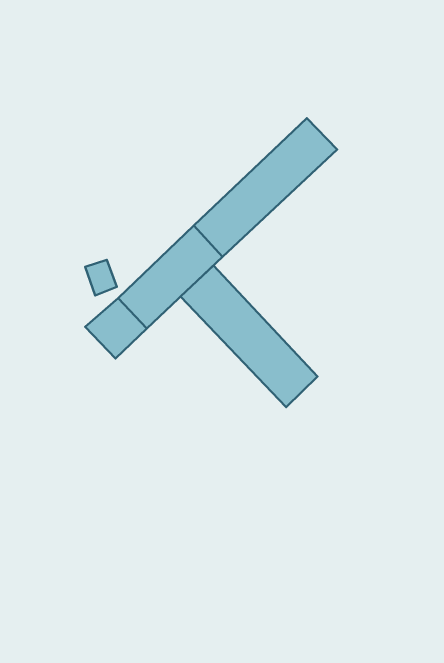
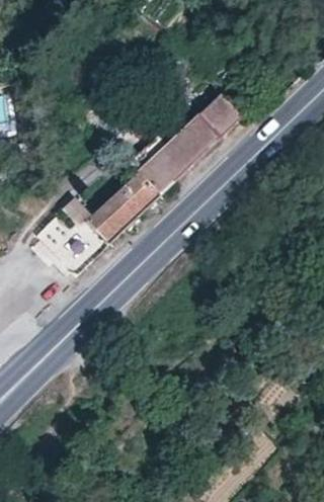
building: [181,266,318,407] -> none

